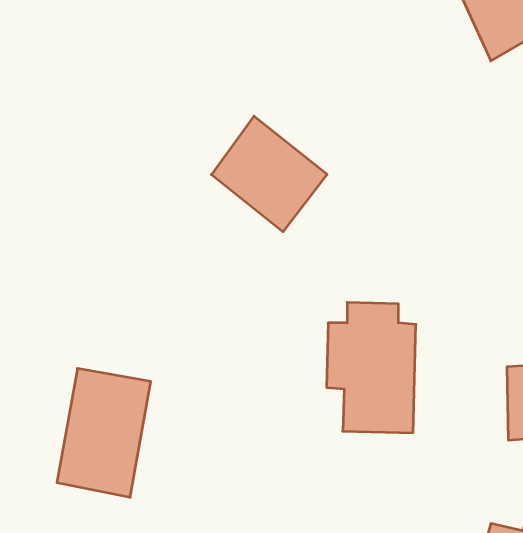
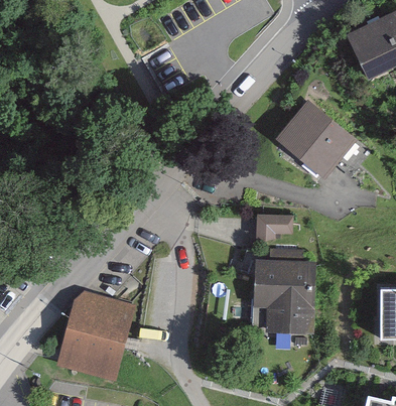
building: [211,116,327,232] -> [275,99,355,178]
building: none -> [258,215,297,237]

